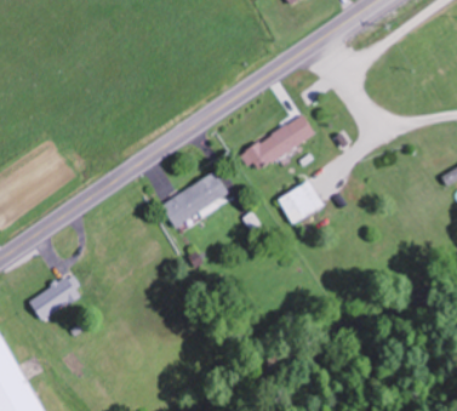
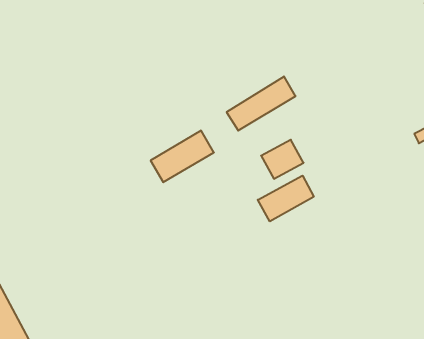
building: none -> [258,176,314,221]
building: [29,276,81,320] -> none

